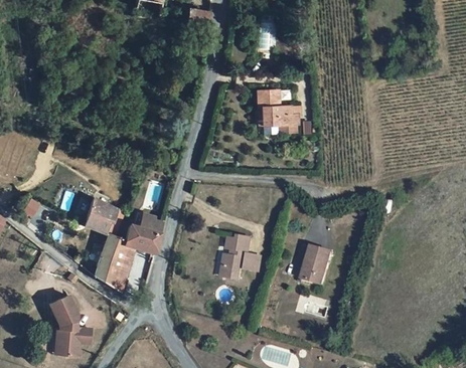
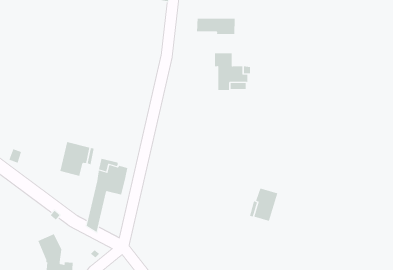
building: none -> [196,18,235,35]
building: [95,231,122,287] -> none
building: [221,234,261,275] -> none

